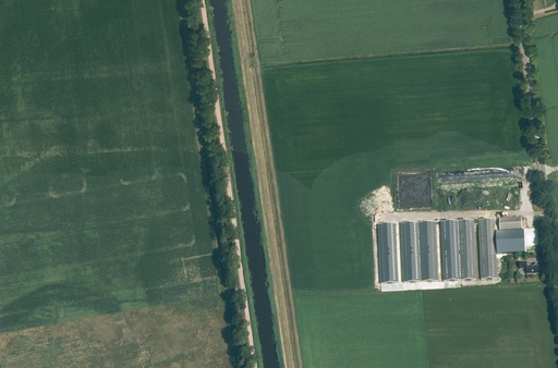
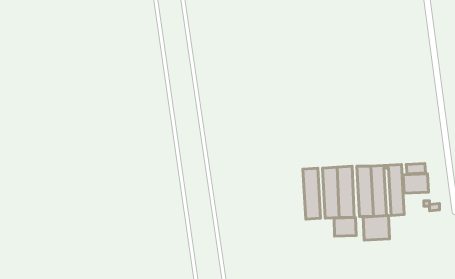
building: none -> [363,216,390,240]
building: none -> [334,217,356,236]

